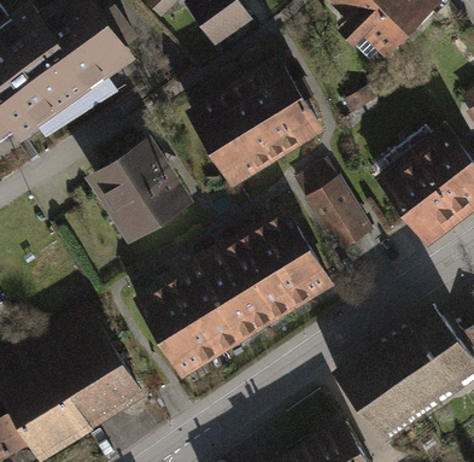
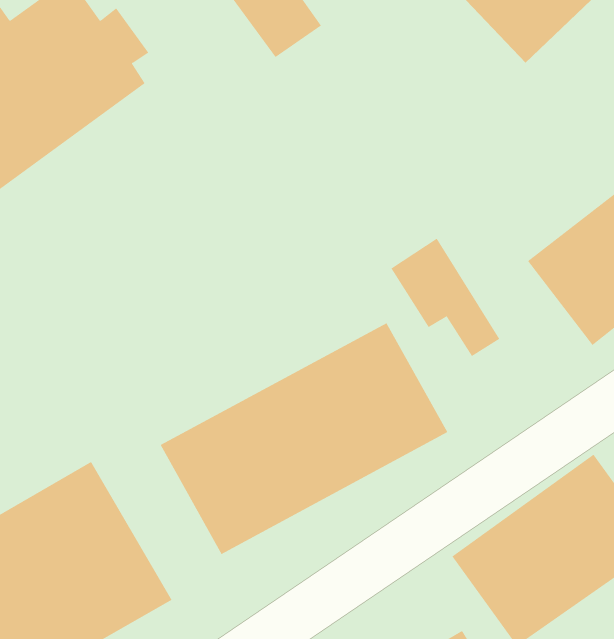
building: [198,63,320,176] -> none
building: [95,141,186,234] -> none

